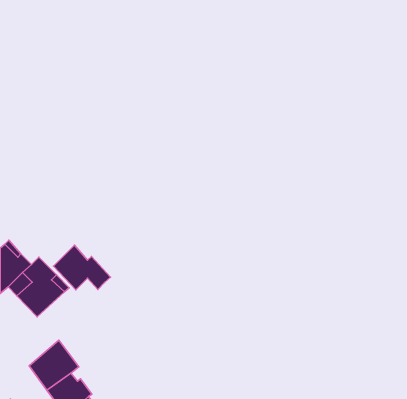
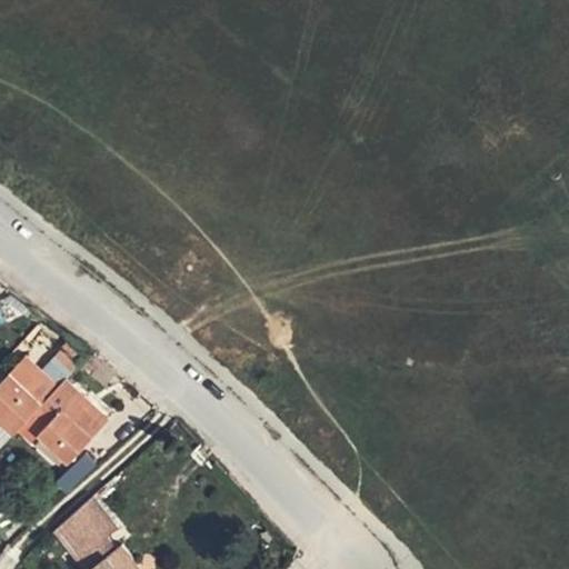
building: [54,245,111,290] -> none

